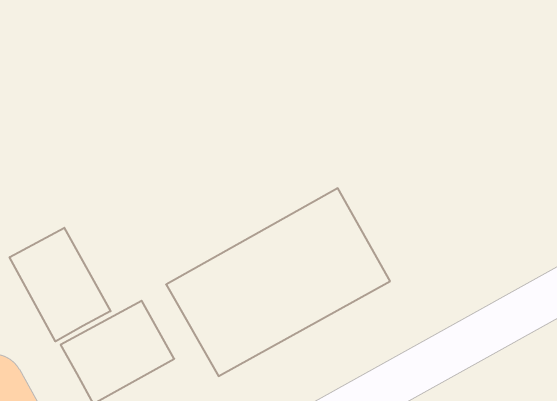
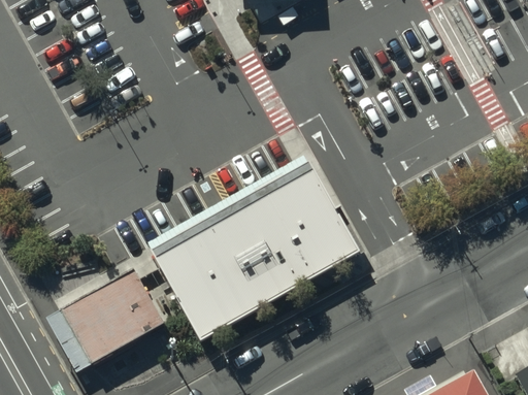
building: [10,228,111,341] -> none

